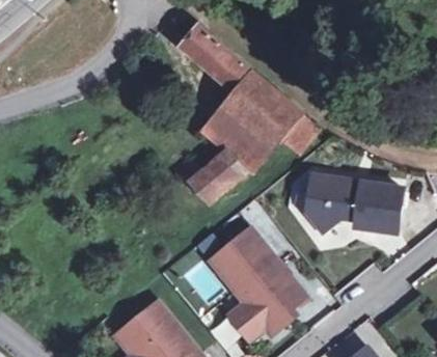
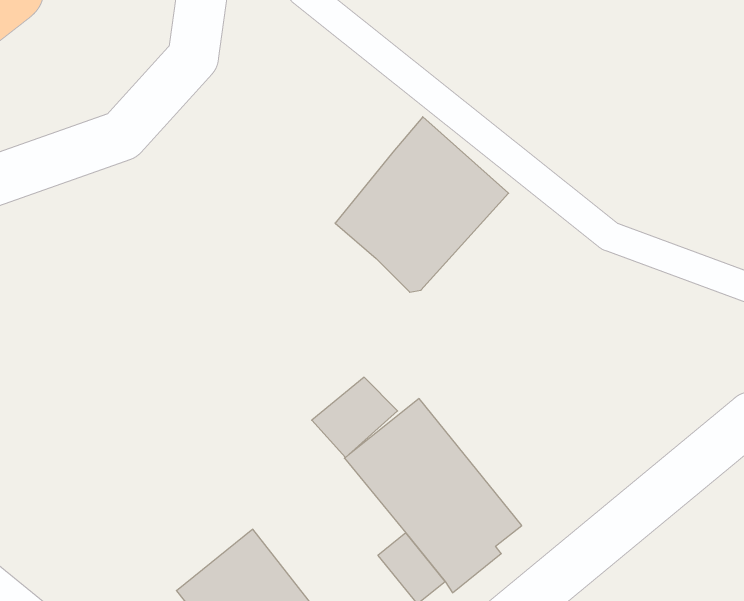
building: [182,26,251,90] -> none
building: [196,149,244,194] -> [312,377,398,458]
building: [306,175,401,231] -> none

